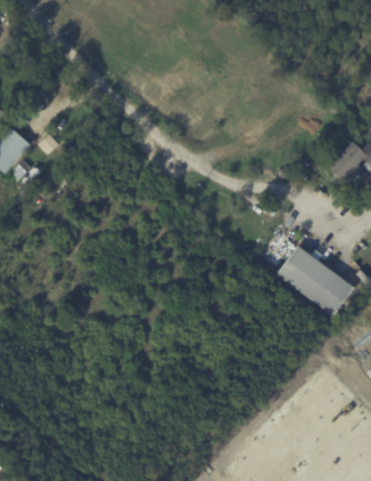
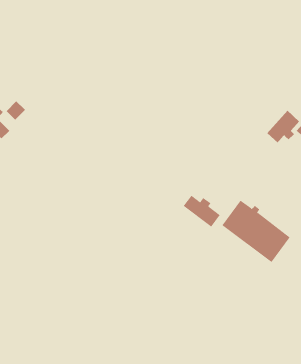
building: none -> [183,195,220,227]

